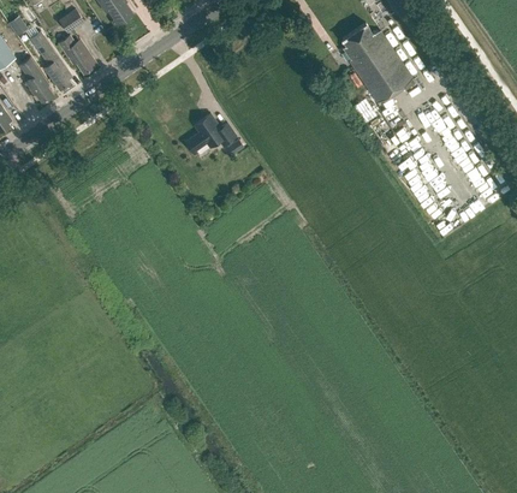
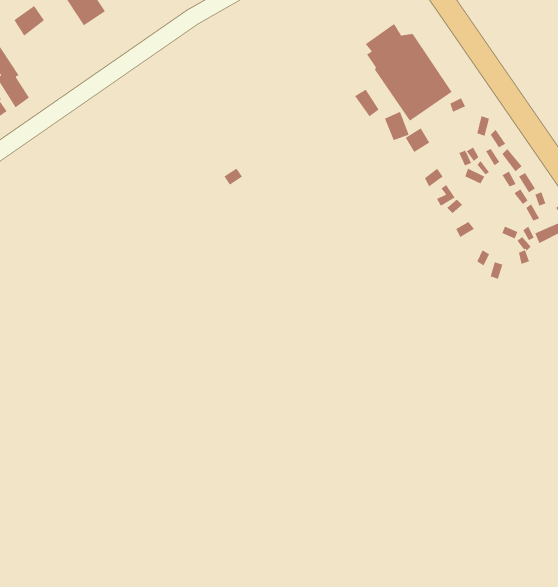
building: [59,32,96,73] -> none
building: [186,113,237,155] -> none

